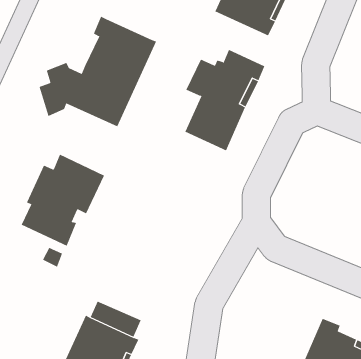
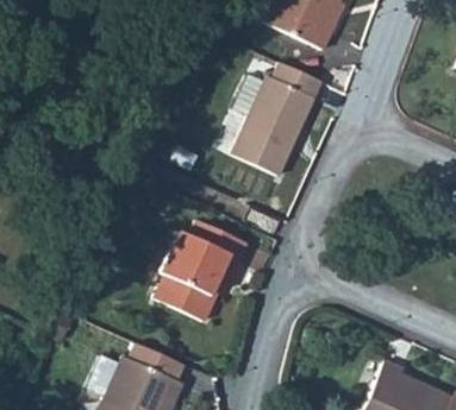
building: [39,16,157,127] -> none
building: [21,154,105,247] -> [155,220,248,322]

